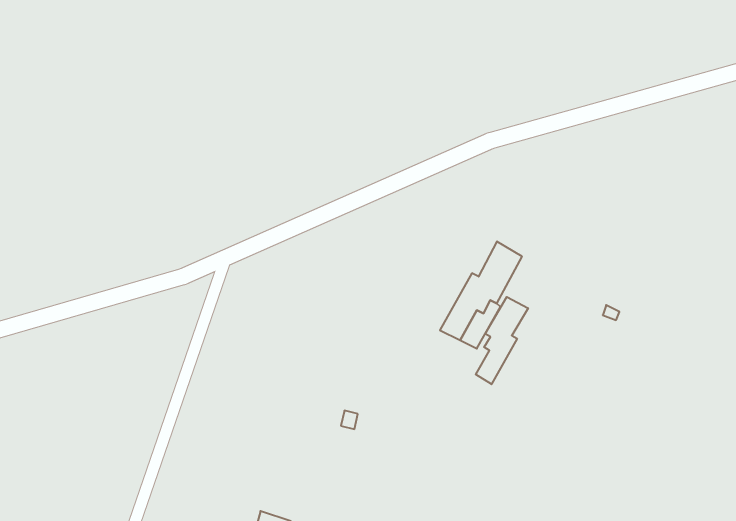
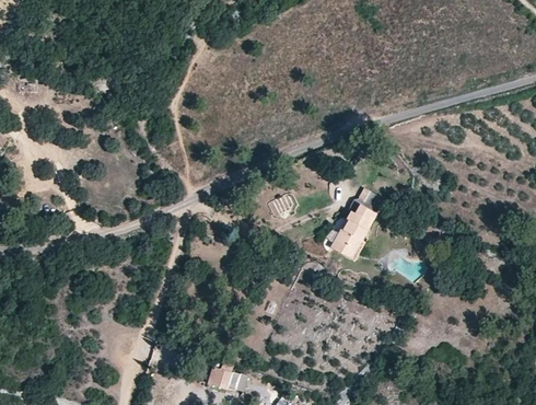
building: [476,297,528,384] -> none

